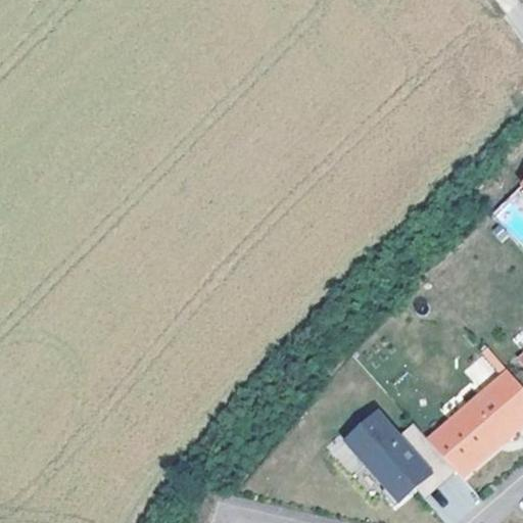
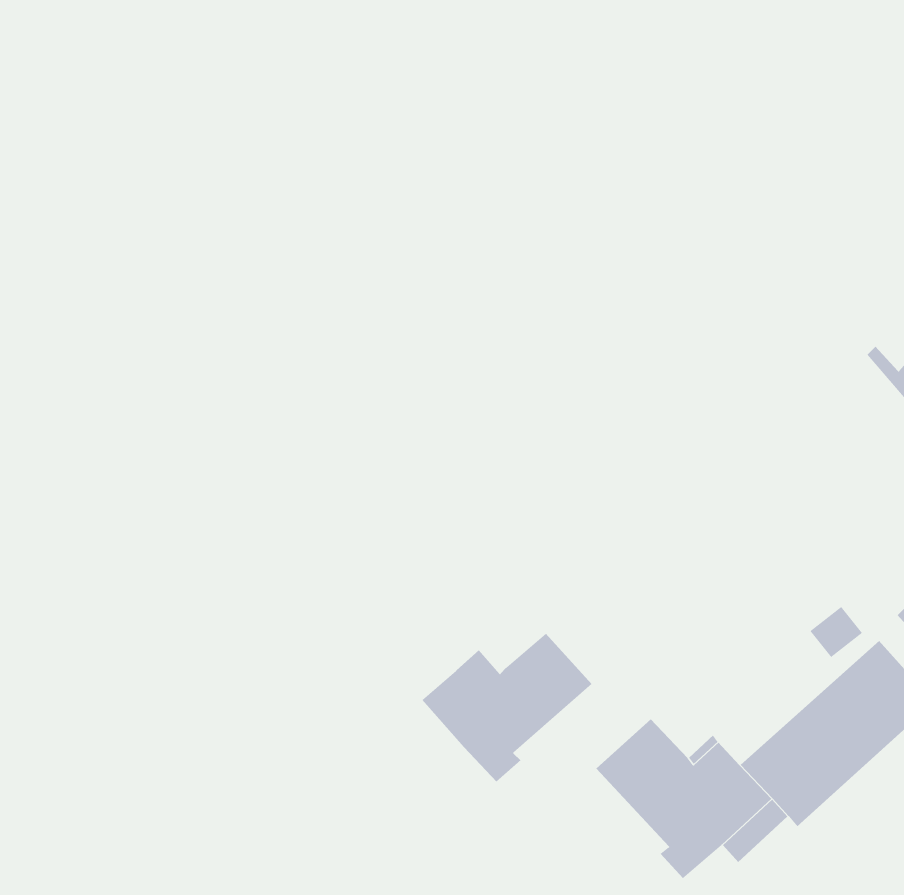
building: none -> [422,633,592,782]

